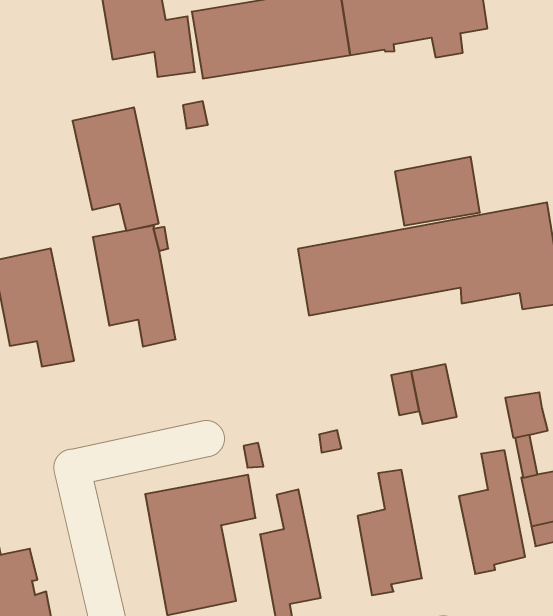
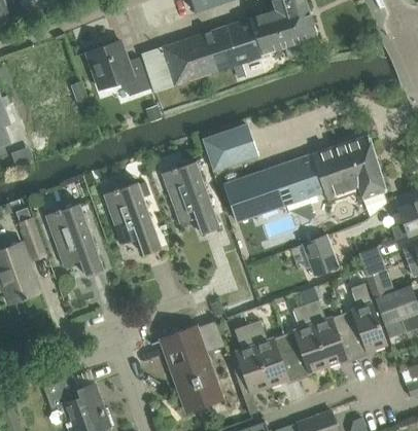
building: [72,107,159,231] -> [161,160,220,234]
building: [395,157,480,226] -> [203,123,256,170]
building: none -> [306,298,358,365]
building: none -> [247,320,300,386]

